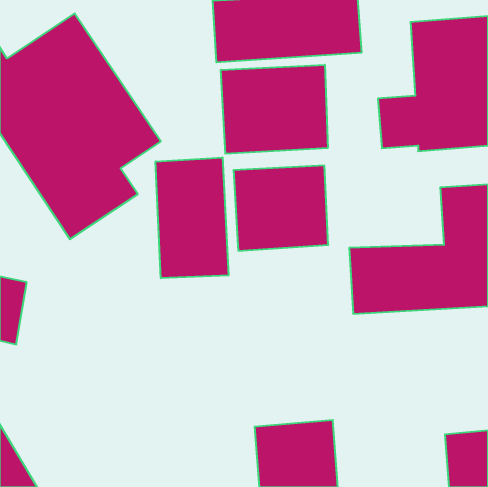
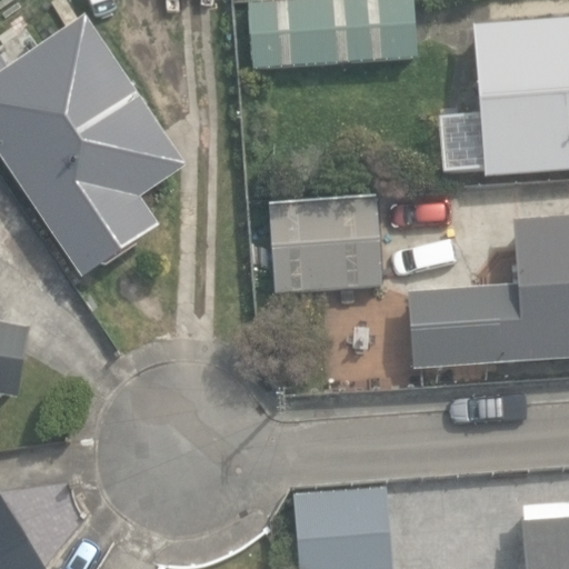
building: [221,65,328,154] -> none
building: [156,157,229,278] -> none

